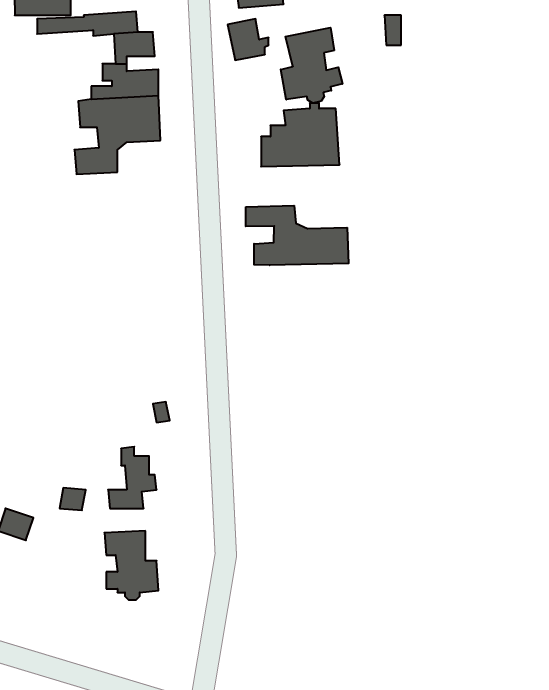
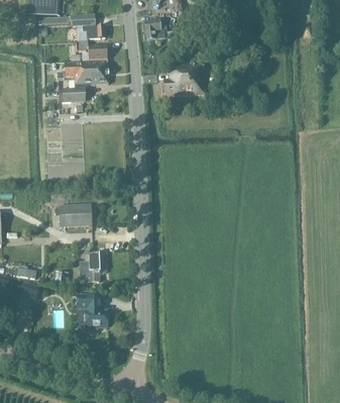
building: [281,28,342,103] -> none
building: [246,206,349,265] -> none
building: none -> [59,203,92,226]

